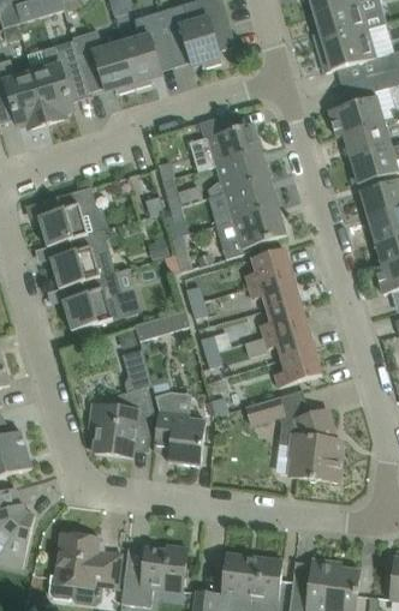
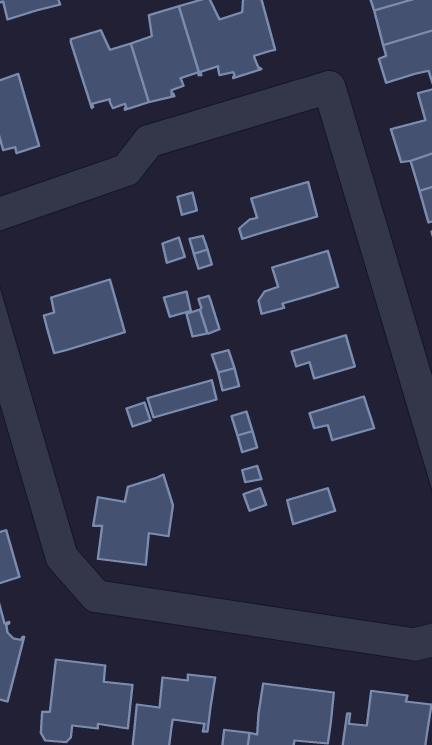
building: [30,40,83,122] -> none
building: [190,114,262,170] -> none
building: [225,179,278,220] -> none
building: [38,186,103,246] -> none
building: [245,248,292,287] -> none
building: [62,271,141,330] -> none
building: [260,299,306,336] -> none
building: [121,348,153,391] -> none
building: [275,348,322,387] -> none
building: [154,391,206,465] -> none
building: [279,408,343,481] -> none

